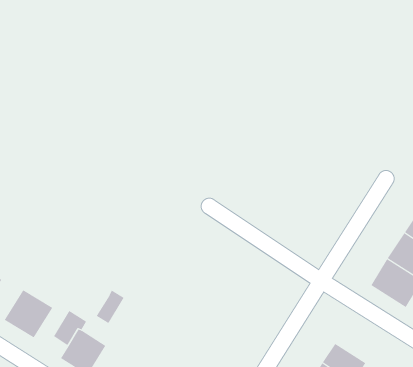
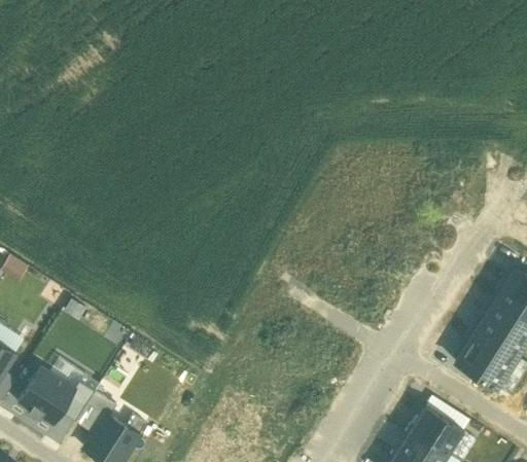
building: [96,290,125,324] -> [63,382,97,422]
building: none -> [413,405,465,454]

